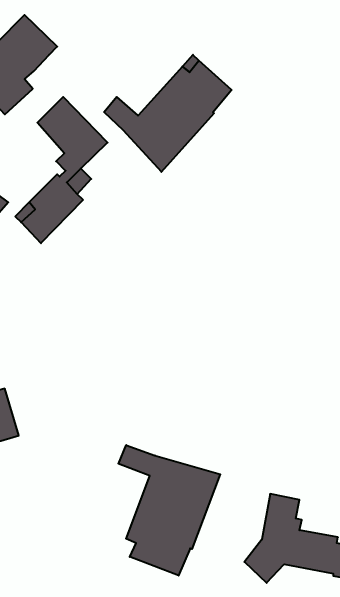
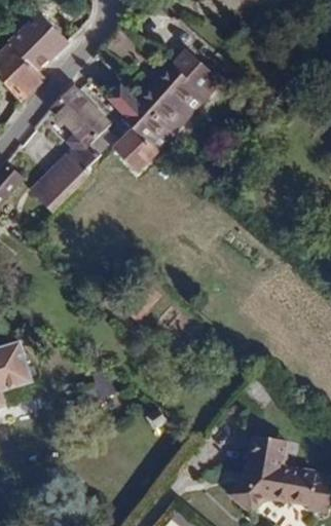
building: none -> [114,114,158,172]
building: [118,445,220,576] -> none

